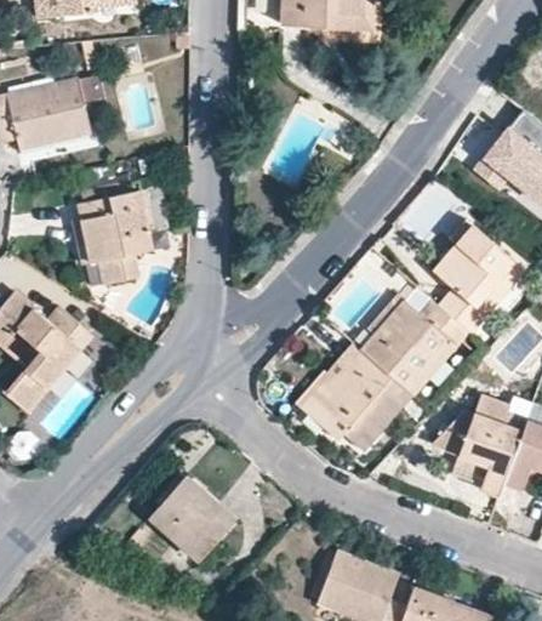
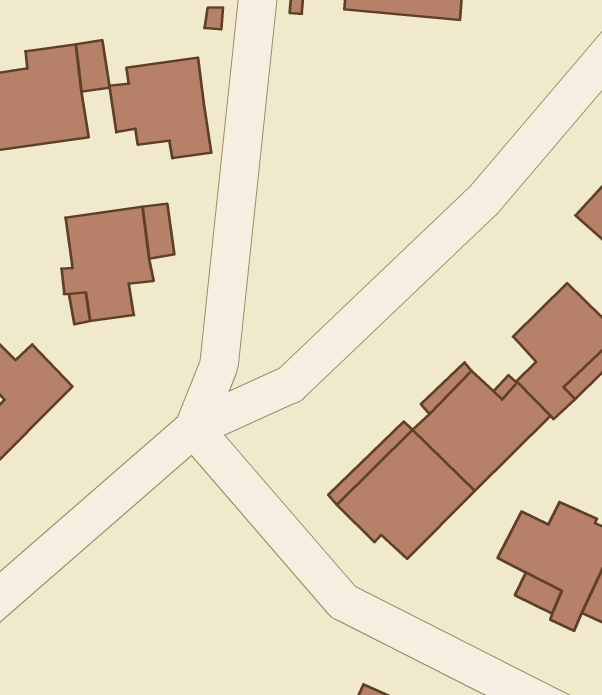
building: none -> [109,58,211,158]
building: [150,475,236,562] -> none

